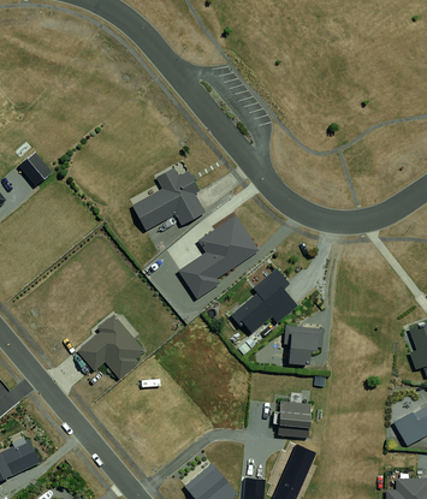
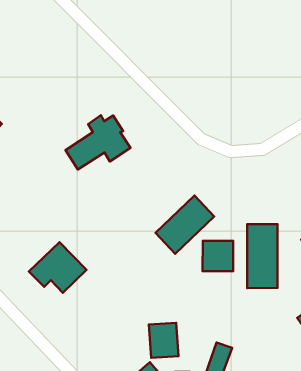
building: [172,222,247,303] -> none
building: none -> [247,224,278,288]
building: [280,399,313,439] -> [149,323,179,358]

